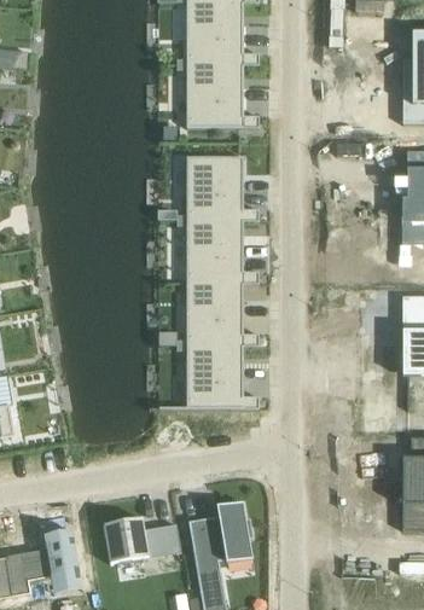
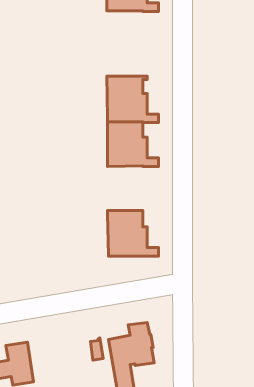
building: [186,63,259,126] -> none
building: [187,280,259,344] -> none
building: [104,517,149,562] -> none

